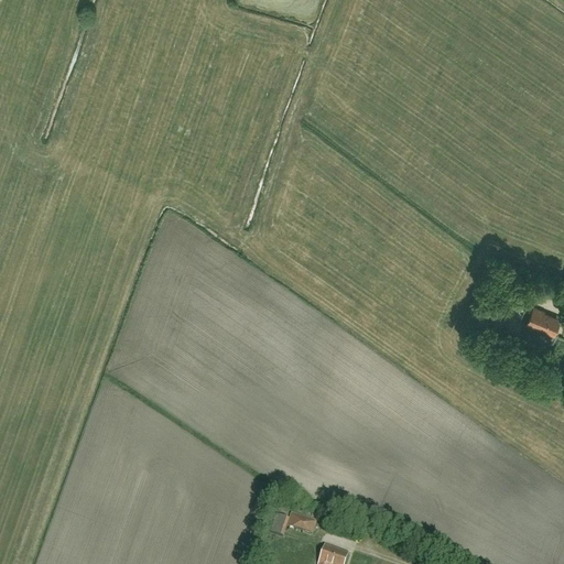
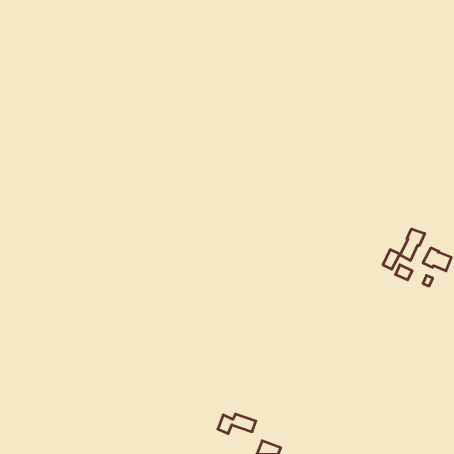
building: none -> [400,229,425,261]

